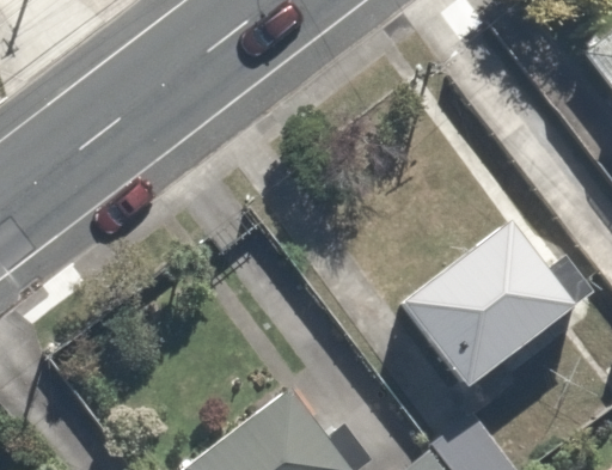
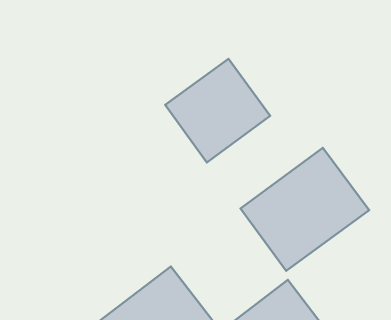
building: none -> [165,59,270,162]

